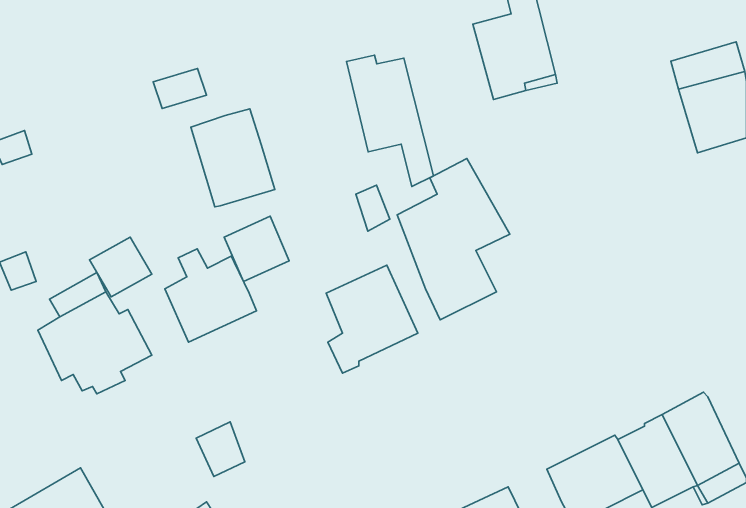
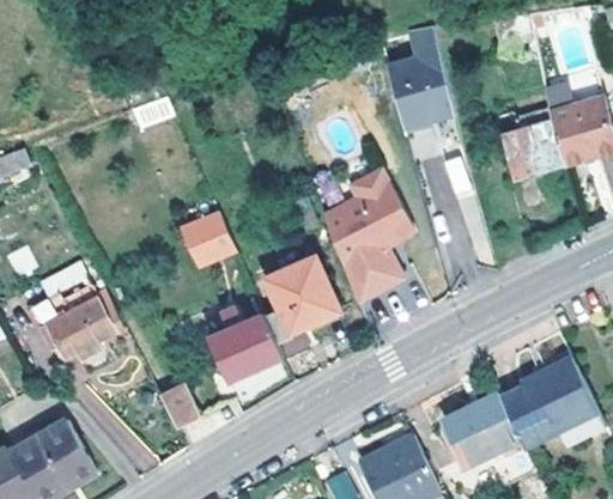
building: [347,55,434,186] -> none
building: none -> [499,108,565,179]
building: [191,109,275,207] -> none
building: [90,237,152,297] -> none
building: [165,249,256,342] -> [210,306,284,382]

